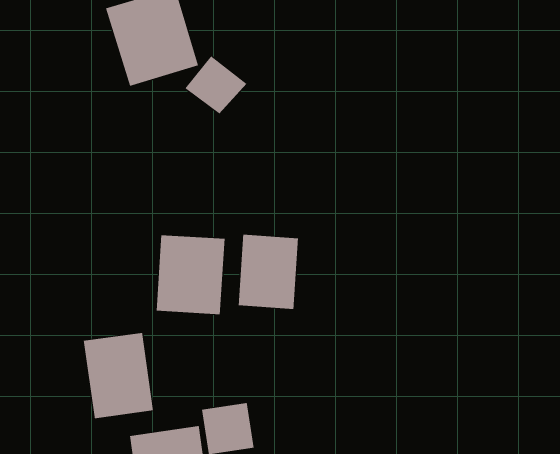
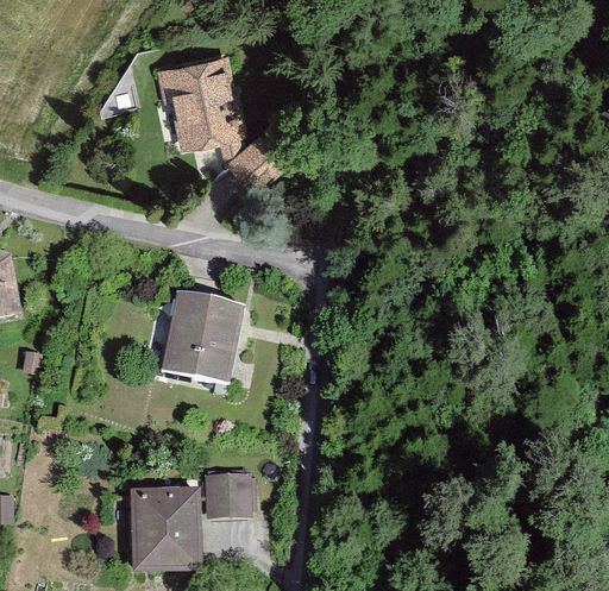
building: [238,234,299,310] -> none
building: [83,332,154,419] -> none

